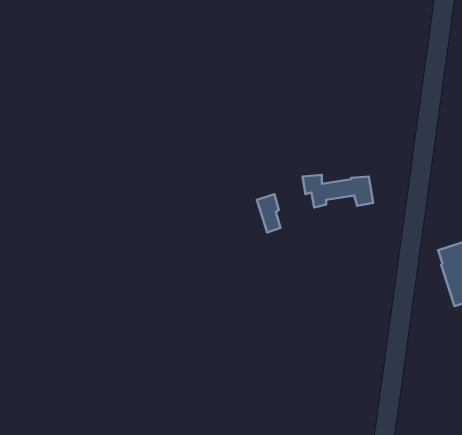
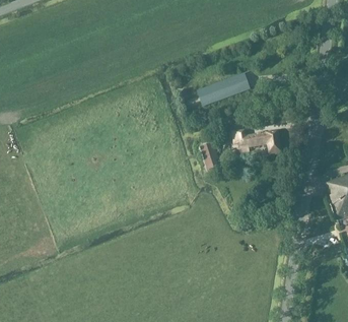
building: none -> [197,73,250,107]

